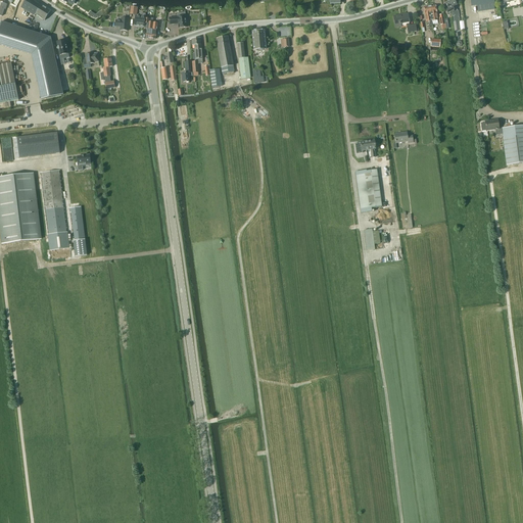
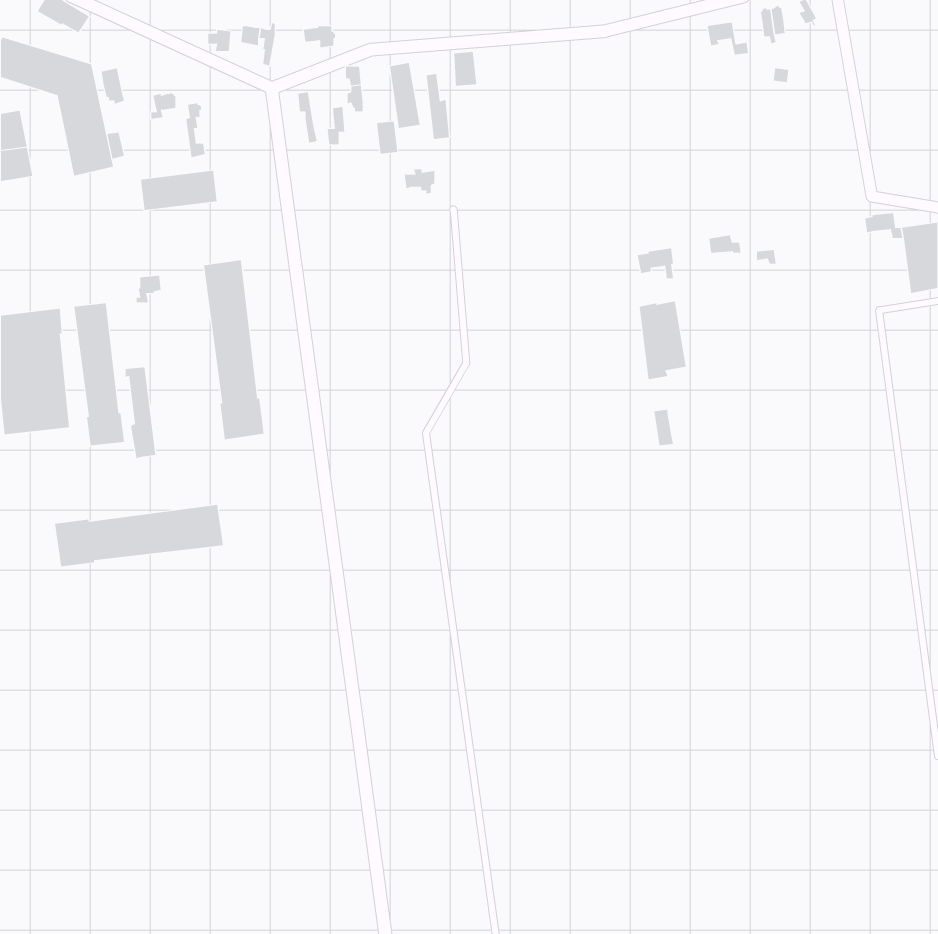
building: [17,134,60,156] -> [140,170,217,211]
building: none -> [204,259,264,440]
building: none -> [55,504,223,567]

